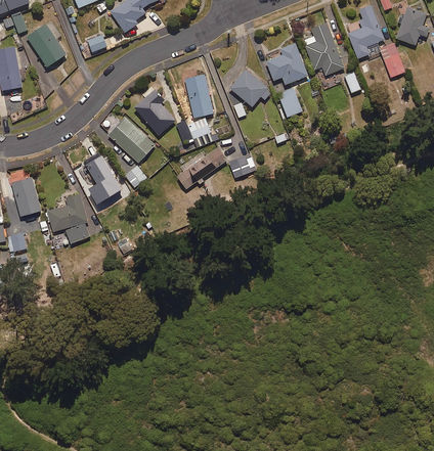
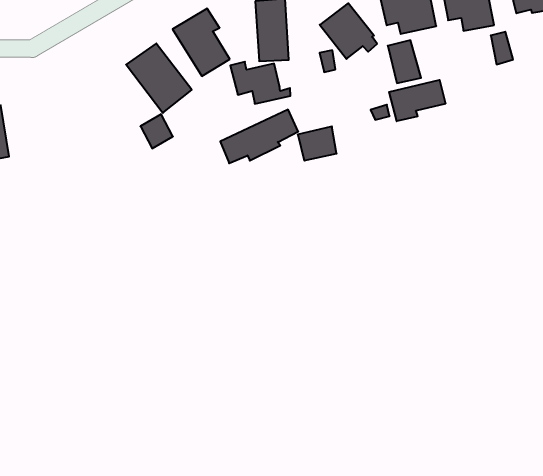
building: none -> [389,80,445,121]
building: [83,151,122,204] -> none
building: [47,193,88,242] -> none

